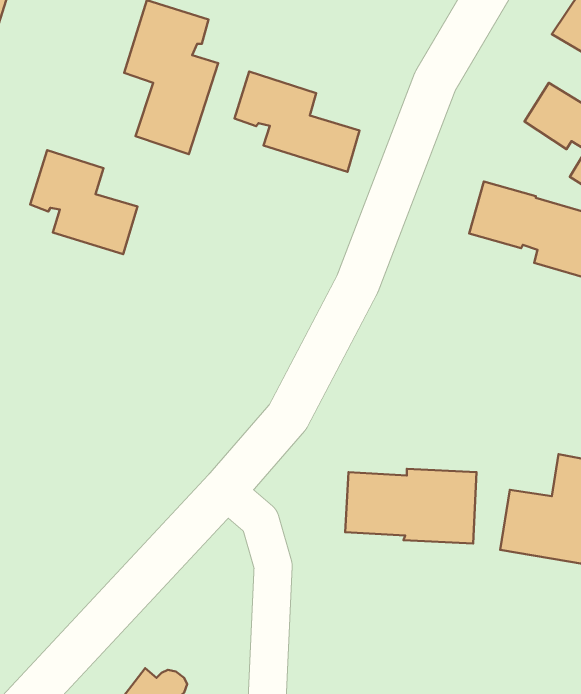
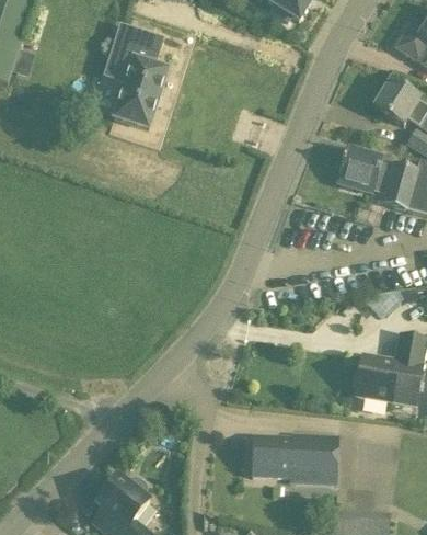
building: [234,72,360,172] -> none
building: [30,150,137,254] -> none
building: [345,469,476,543] -> [251,433,339,483]

